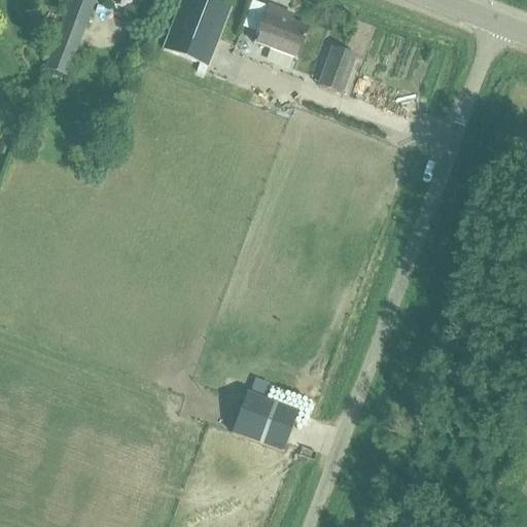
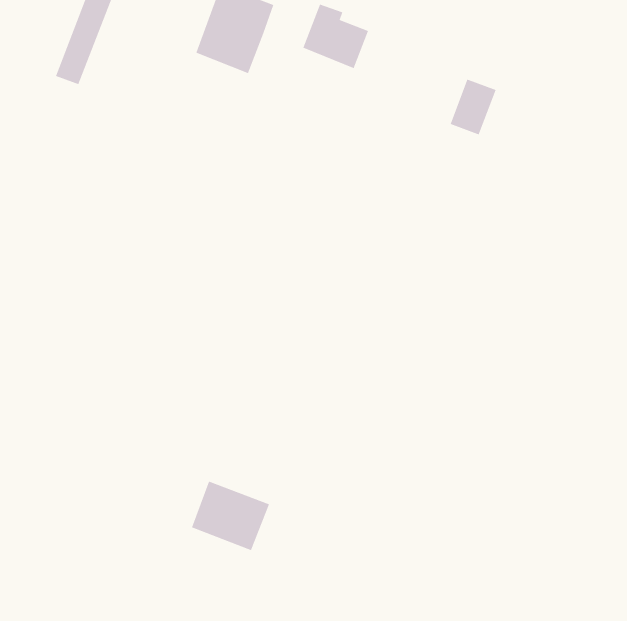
building: [318,42,357,90] -> [450,79,496,135]
building: [233,389,298,448] -> [191,481,270,551]

